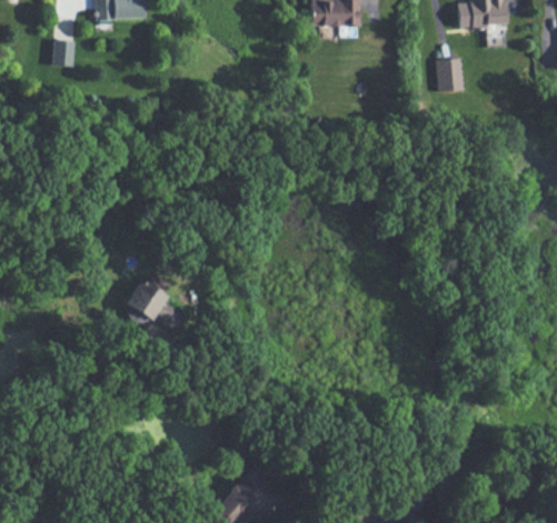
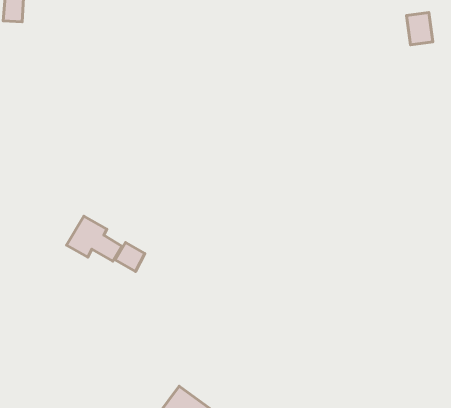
building: [436,58,465,93] -> [407,13,433,45]
building: none -> [115,242,145,271]

